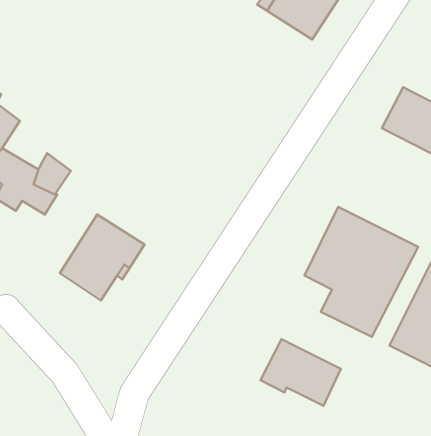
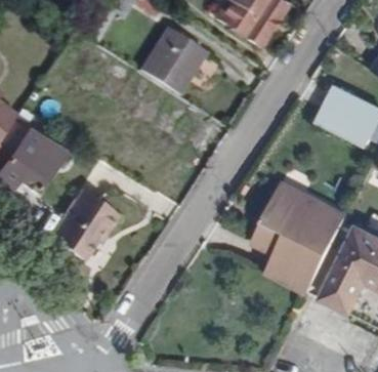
building: none -> [138,26,204,93]
building: [260,339,341,406] -> none

